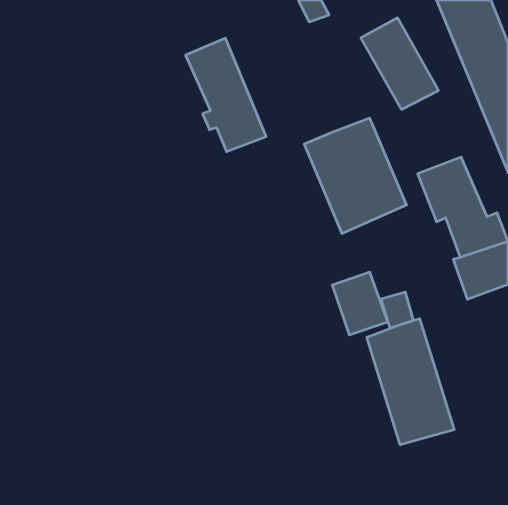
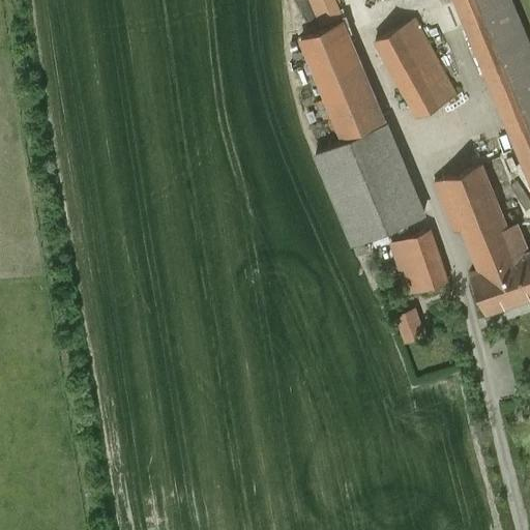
building: [186,38,266,152] -> [301,24,385,142]
building: [332,272,388,335] -> [391,232,449,297]
building: [367,319,454,445] -> none

